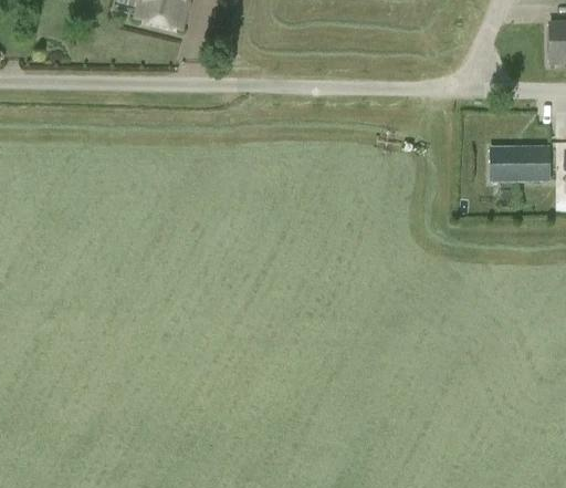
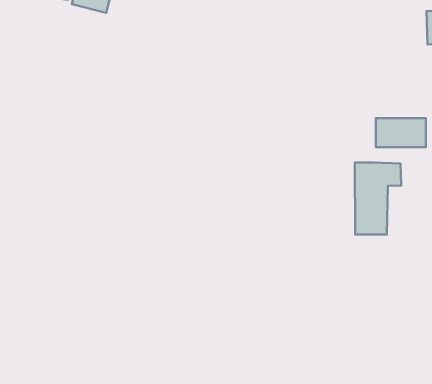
building: none -> [355,162,401,234]

